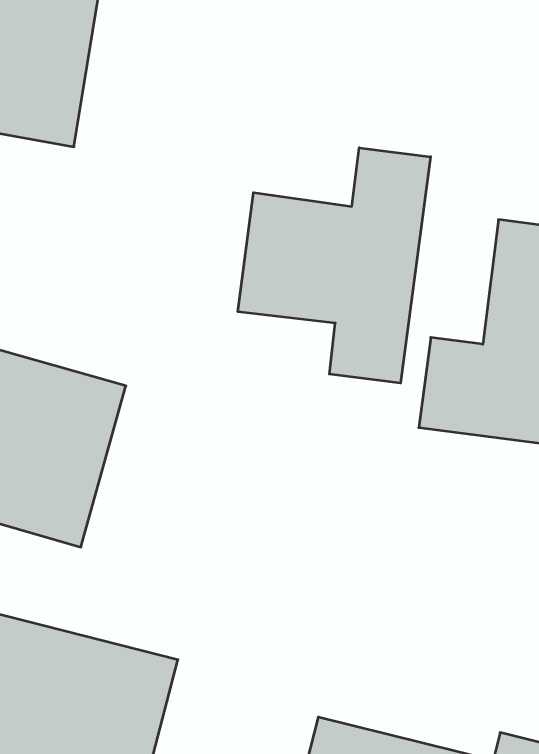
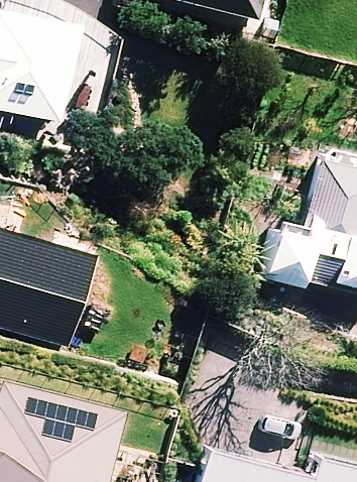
building: [238,148,431,383] -> none

